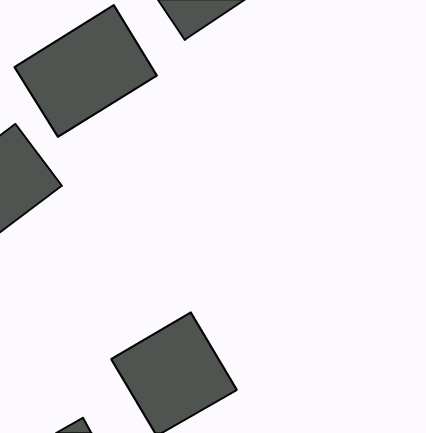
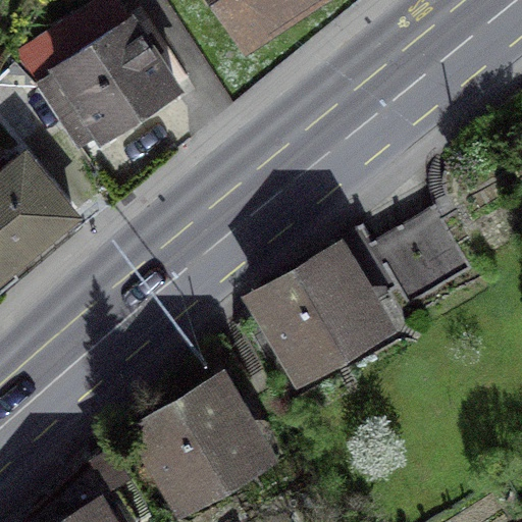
building: none -> [255,206,465,361]

